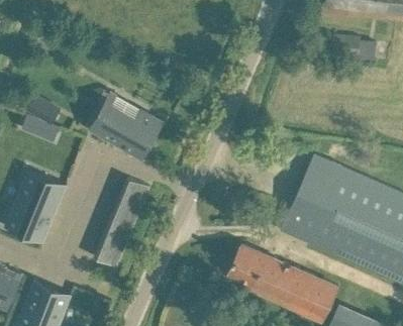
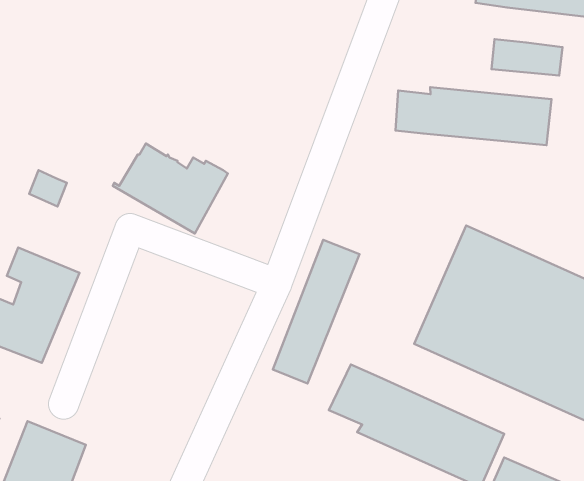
building: none -> [395,87,552,145]
building: [25,94,61,124] -> none
building: [97,175,153,266] -> [273,240,360,384]

